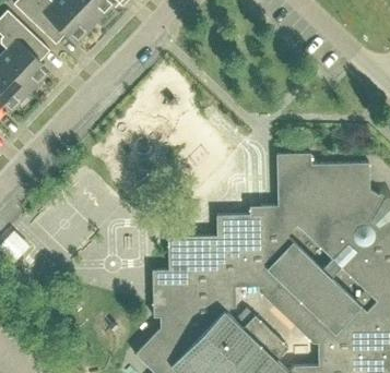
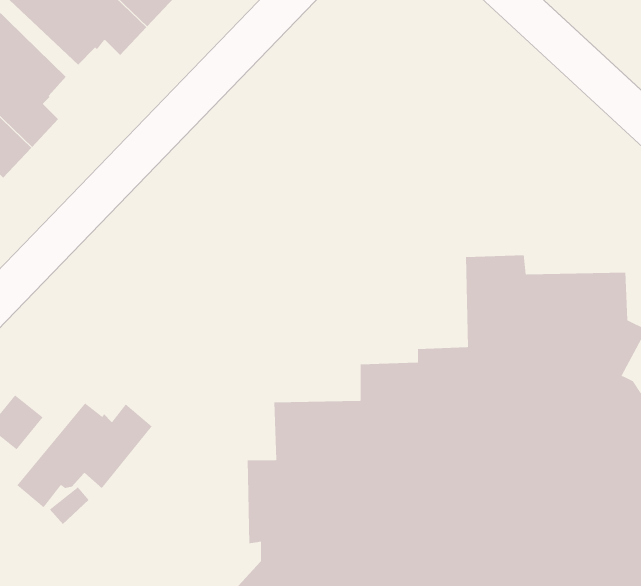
building: none -> [17,403,153,508]

